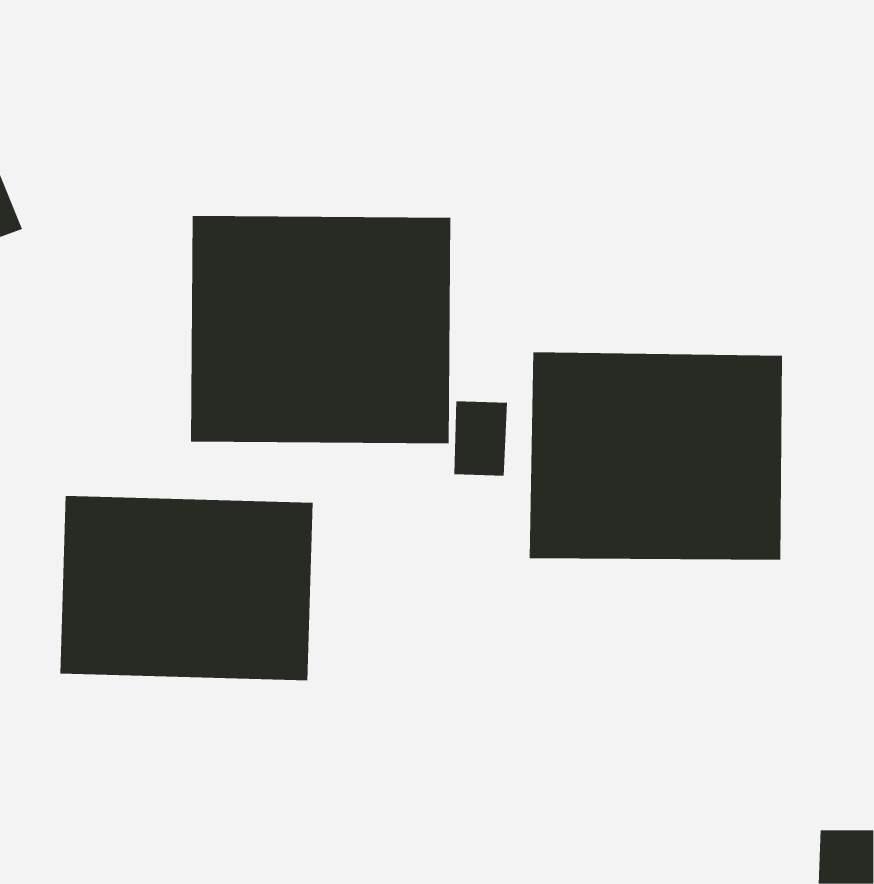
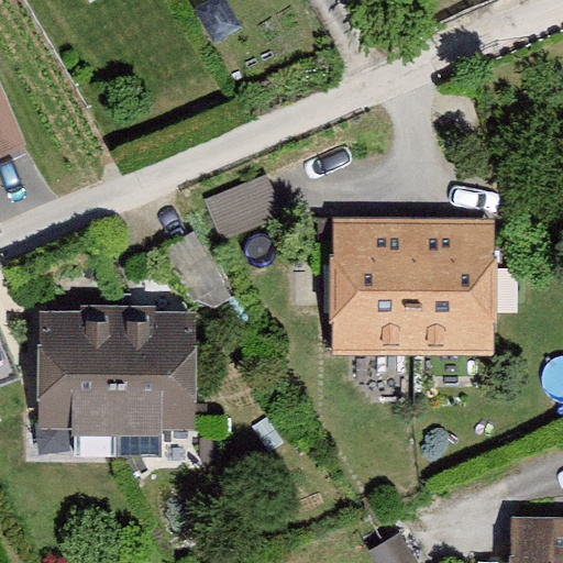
building: [190,215,451,444] -> none

